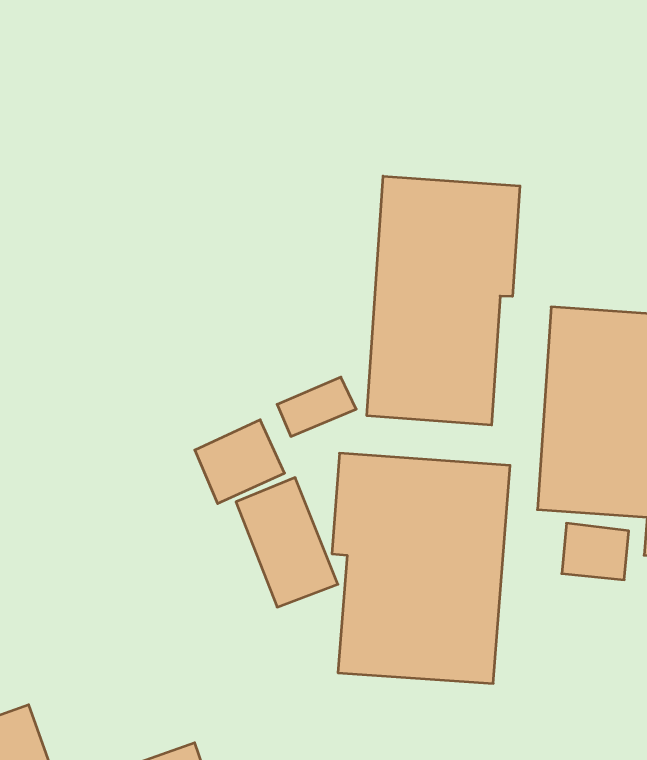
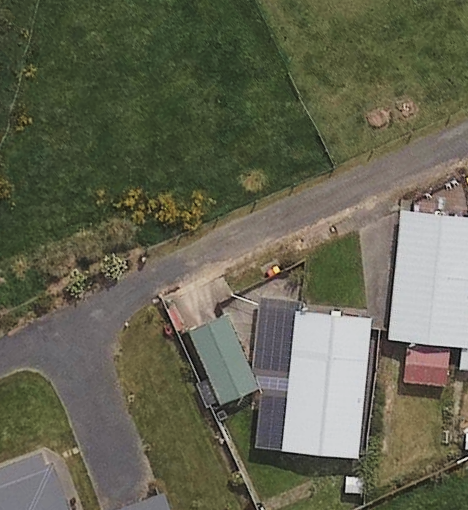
building: [367,176,520,425] -> none

